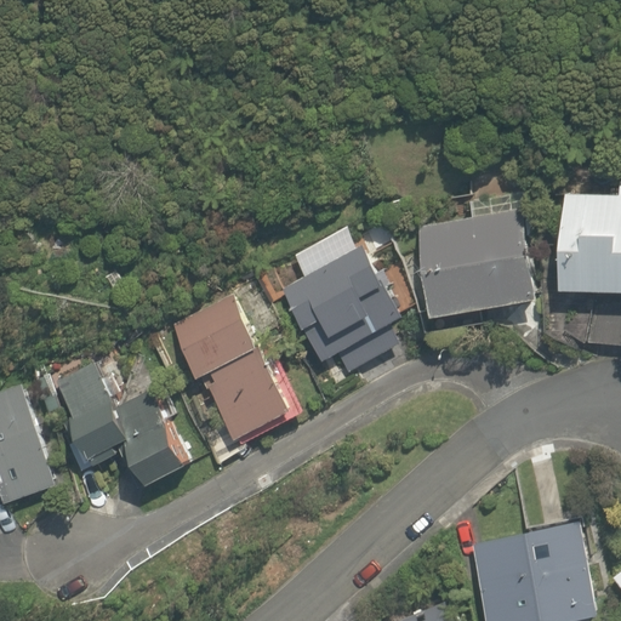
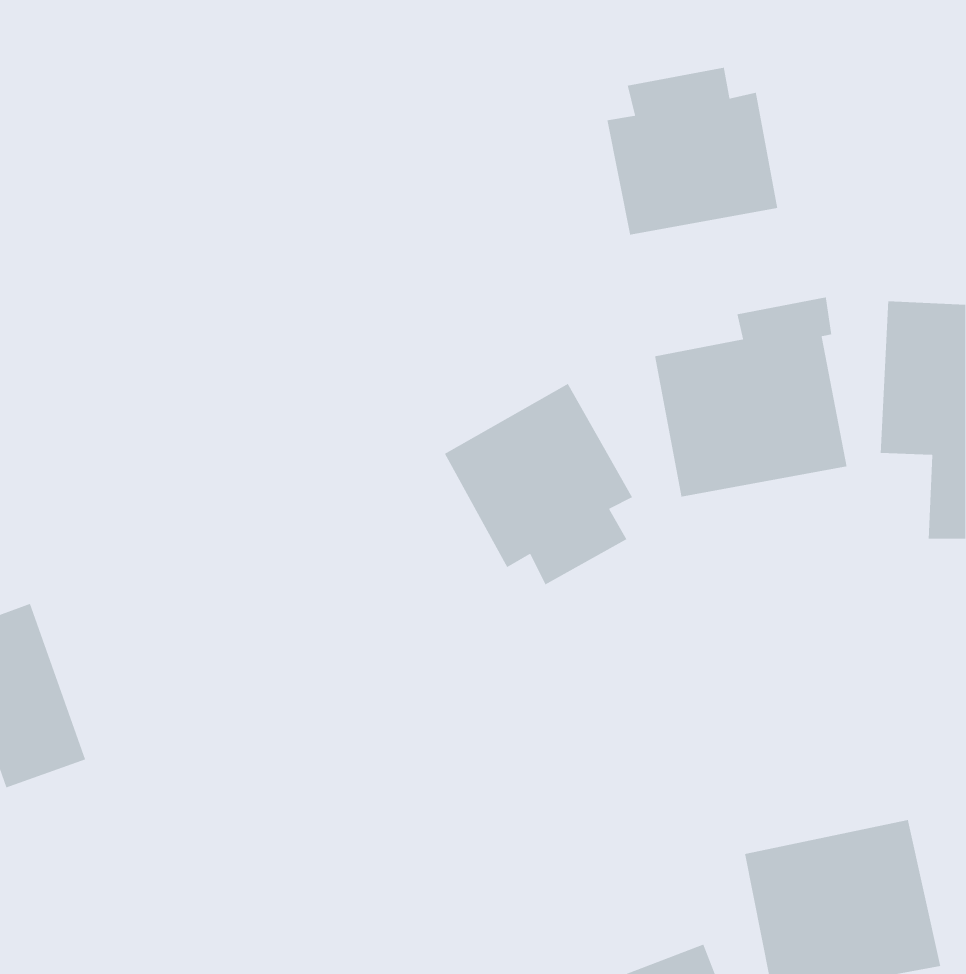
building: none -> [606,67,778,235]
building: [170,294,294,465] -> none
building: [55,363,188,488] -> none

